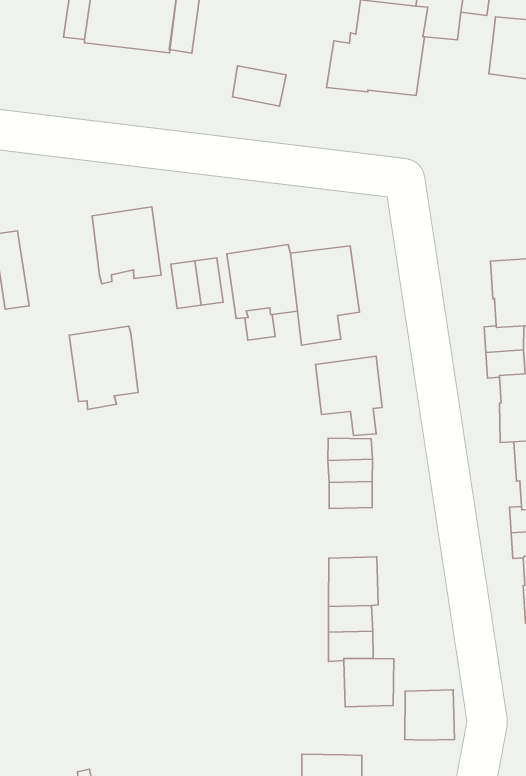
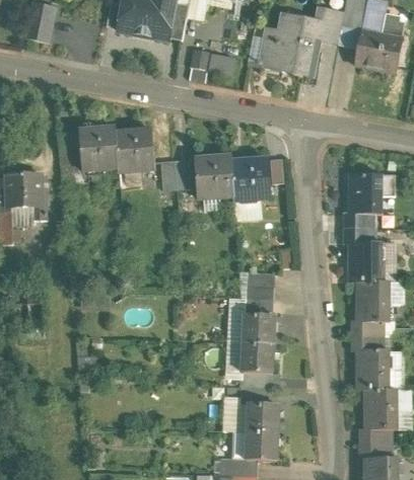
building: [69,326,138,409] -> [79,128,118,175]
building: [316,356,382,436] -> none
building: none -> [243,313,273,343]
building: [405,690,455,740] -> [245,430,275,461]

